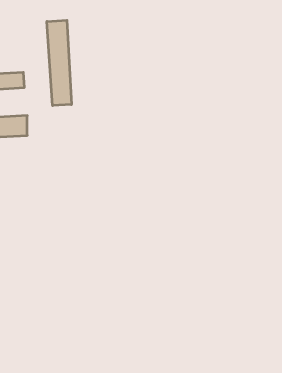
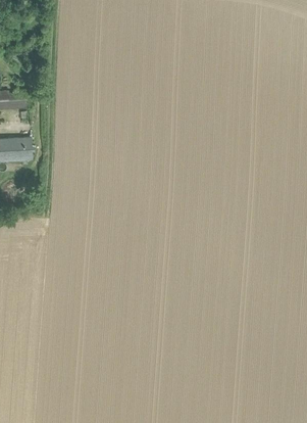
building: [47,20,71,106] -> none

